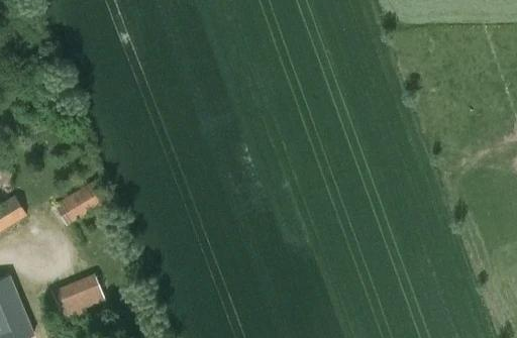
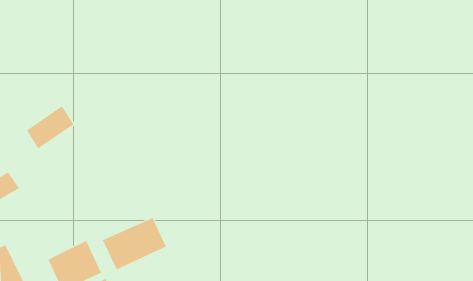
building: [55,181,106,225] -> [26,106,75,149]
building: none -> [102,217,167,270]

